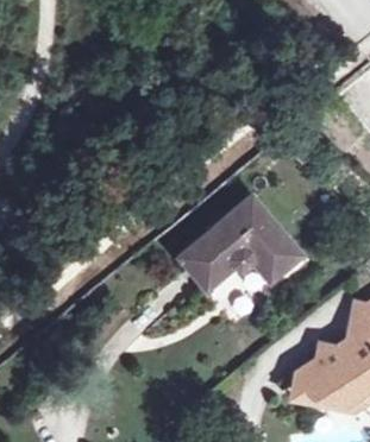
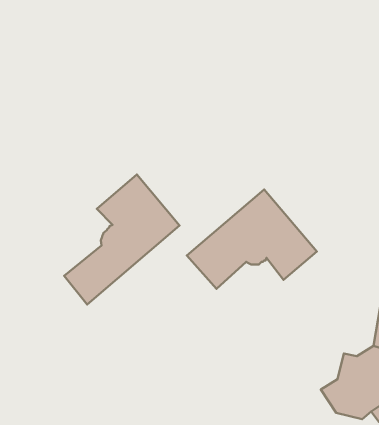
building: none -> [64,175,180,304]

